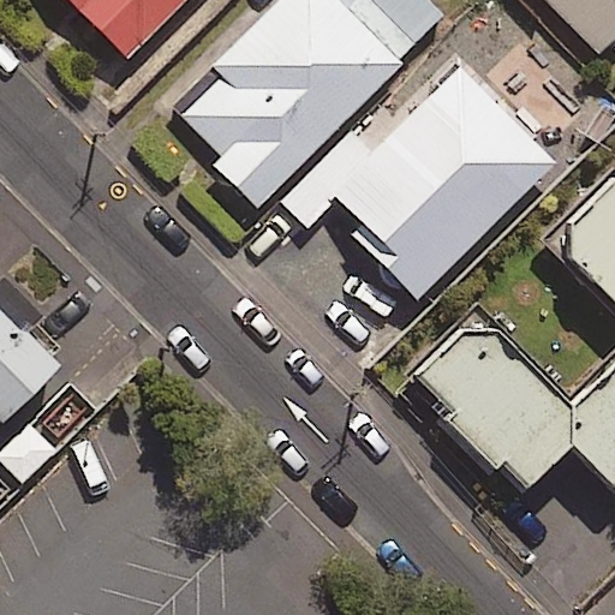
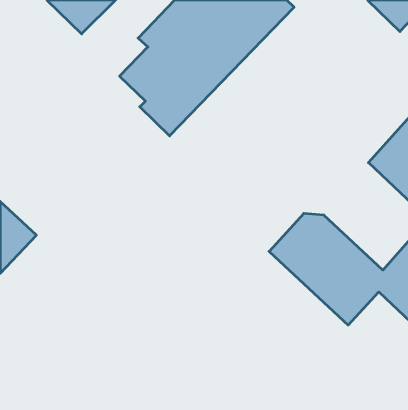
building: [286,68,547,298] -> none

